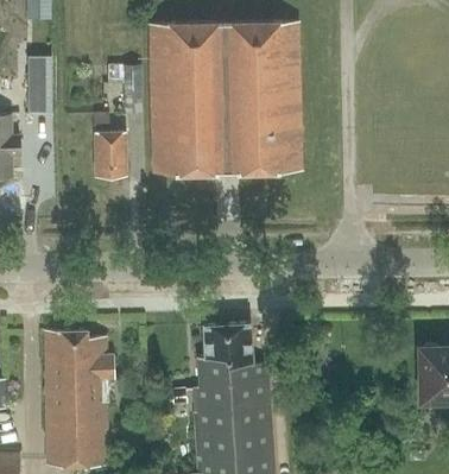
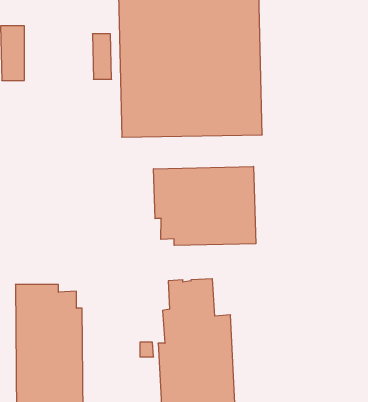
building: [95,113,127,176] -> none
building: none -> [154,166,256,245]

